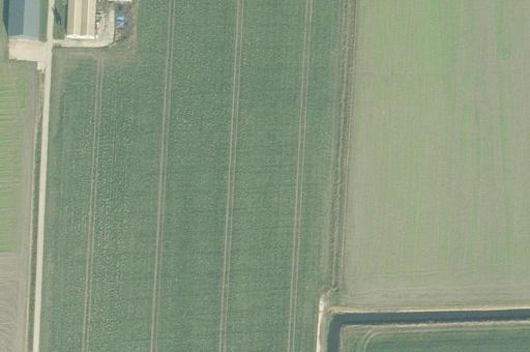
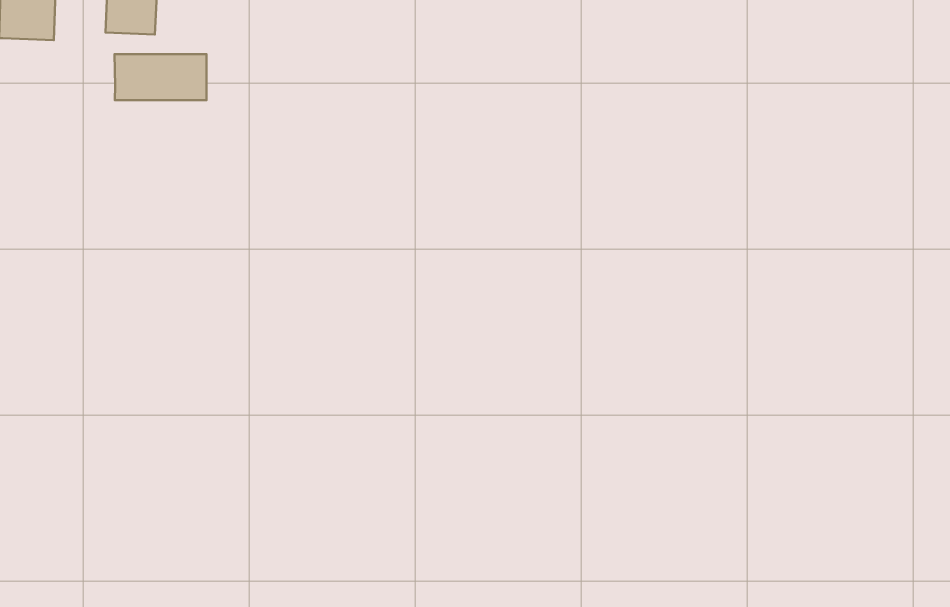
building: none -> [115,54,207,100]

